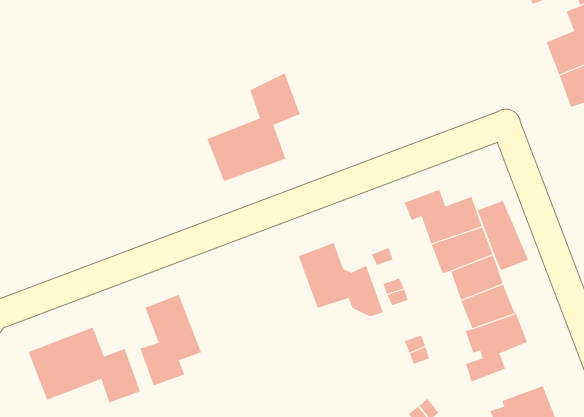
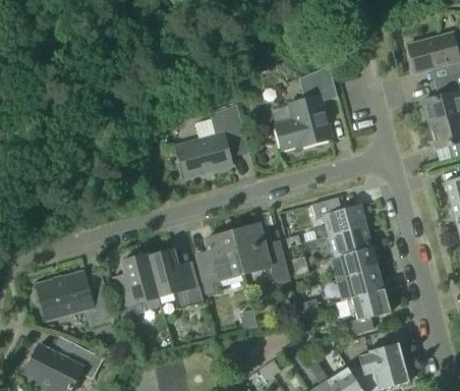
building: none -> [275,65,337,149]
building: [477,200,529,271] -> none
building: none -> [200,230,243,293]
building: none -> [147,248,203,309]

